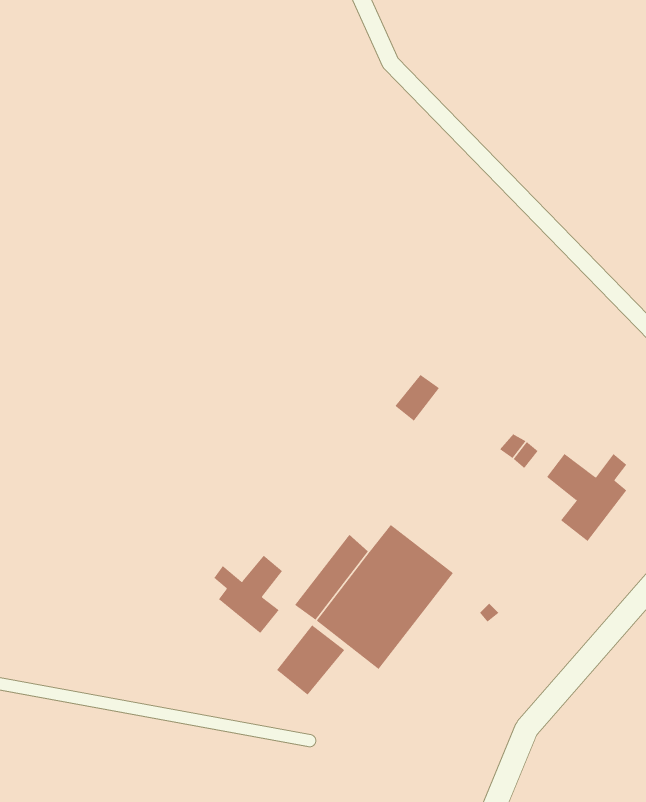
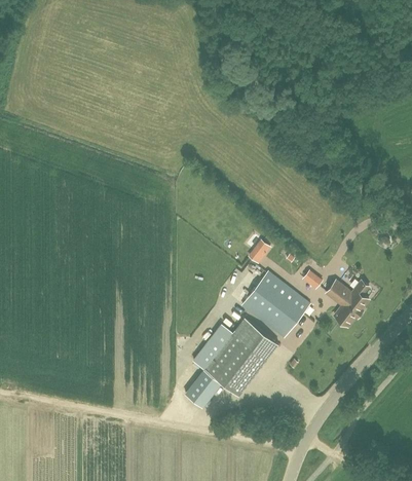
building: none -> [241,270,310,338]
building: [213,555,283,634] -> none

